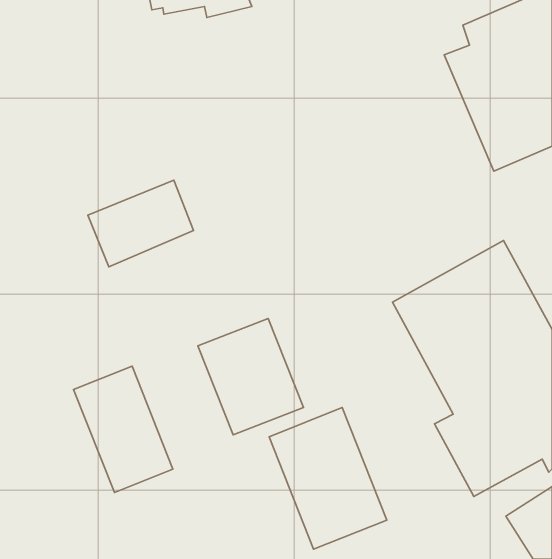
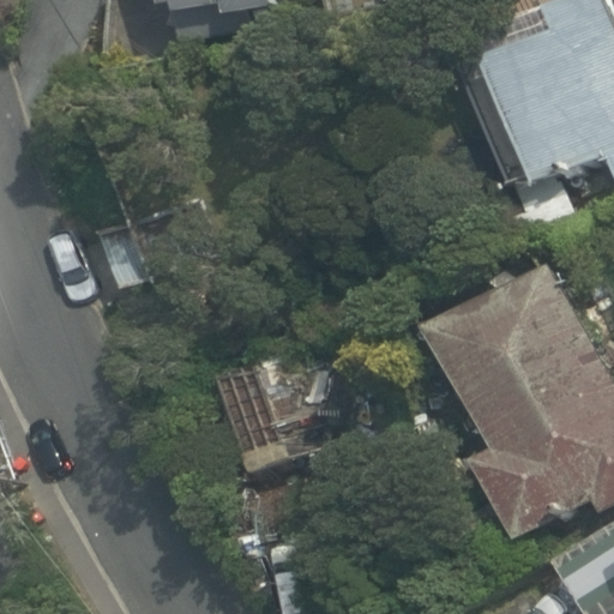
building: [74,366,173,492] -> none
building: [269,408,387,549] -> none

